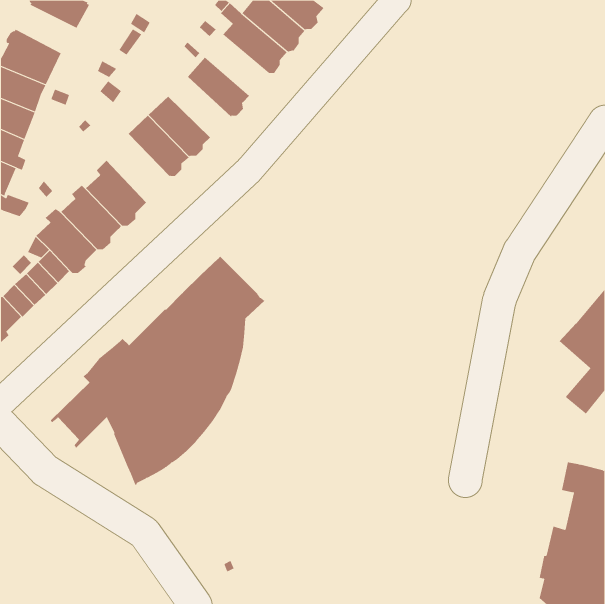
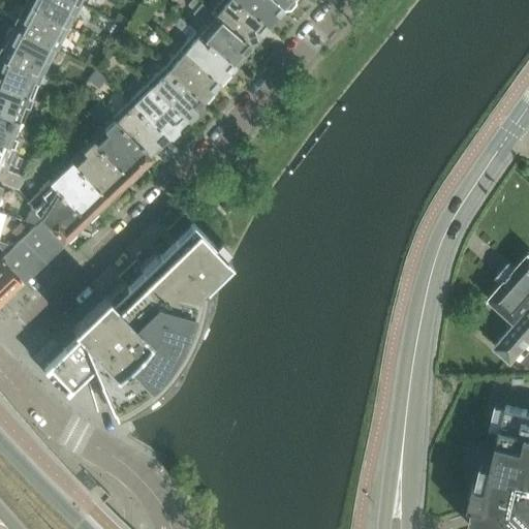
building: none -> [14,5,67,48]
building: none -> [179,31,235,85]
building: none -> [147,68,201,121]
building: none -> [87,104,148,178]

